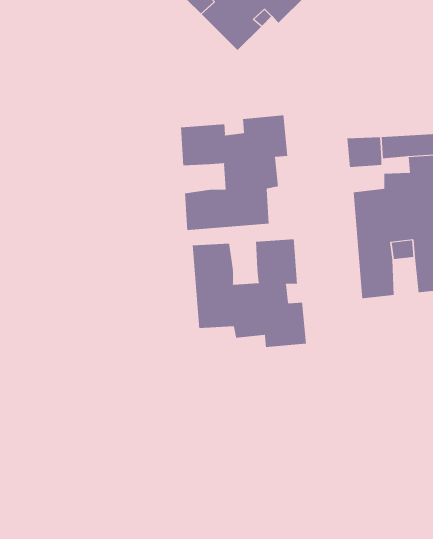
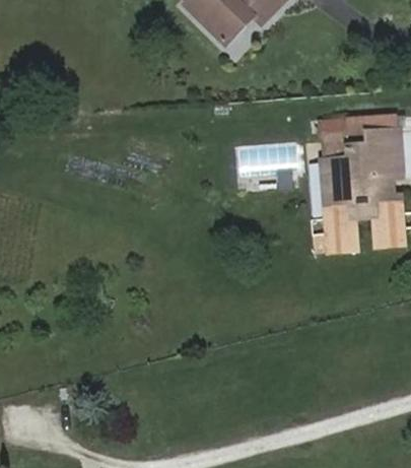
building: [180,115,288,231] -> none
building: [192,239,307,348] -> none

